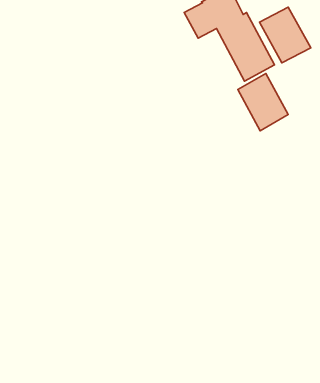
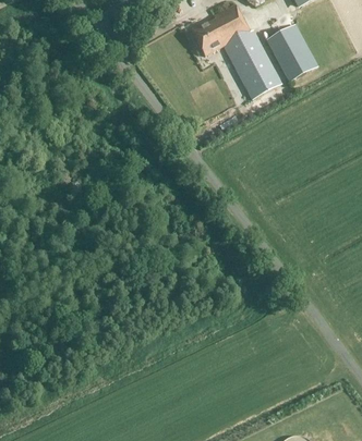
building: [238,73,288,131] -> none

